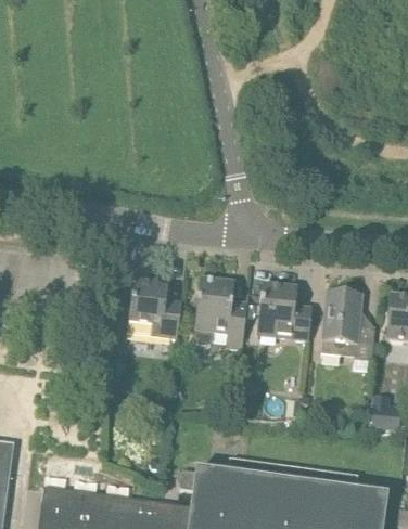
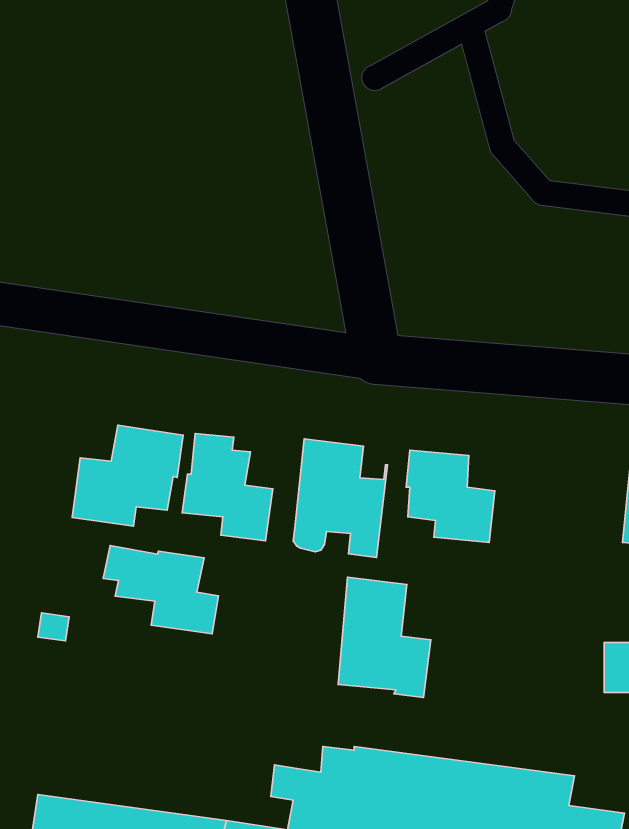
building: none -> [72,425,183,526]
building: [321,292,375,362] -> [338,577,431,697]
building: none -> [103,546,218,634]

